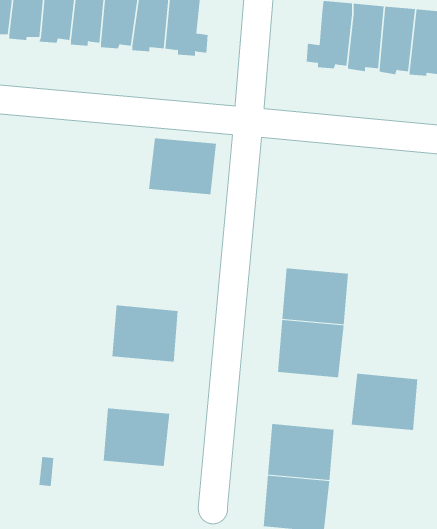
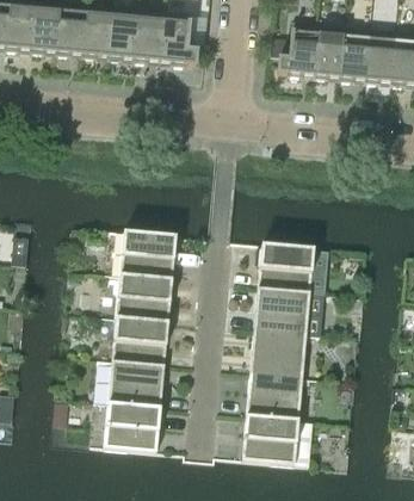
building: [148,138,217,195] -> [119,231,177,279]
building: none -> [112,317,168,365]
building: [351,373,418,430] -> [249,330,305,378]
building: none -> [104,404,160,452]

